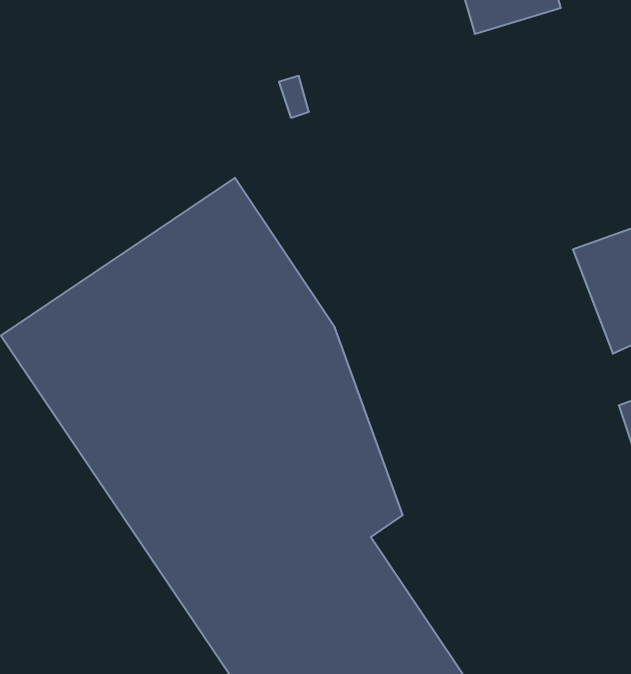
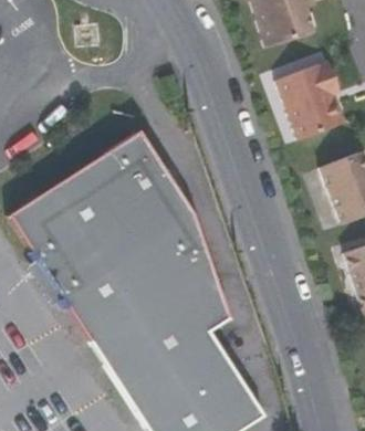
building: none -> [279,60,346,139]

